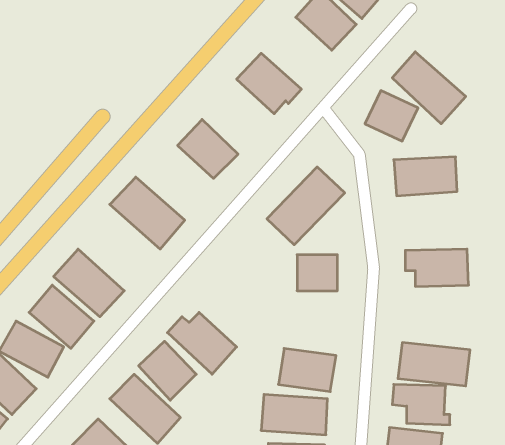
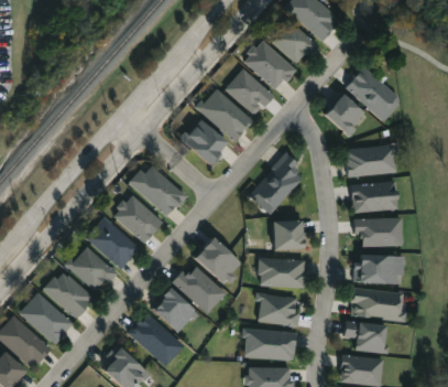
building: none -> [244,39,296,89]
building: none -> [198,87,251,140]
building: none -> [351,181,397,211]
building: none -> [113,193,164,243]
building: none -> [195,236,241,286]
building: none -> [356,256,402,284]
building: none -> [261,259,305,287]

